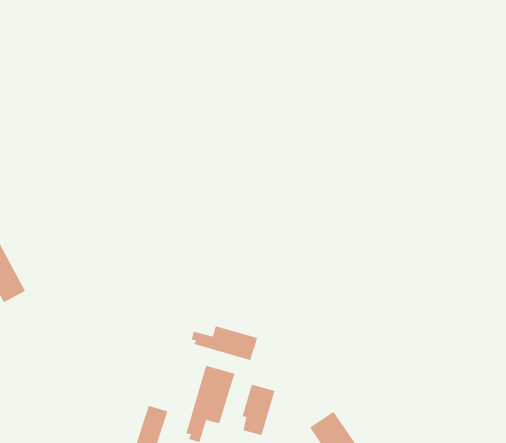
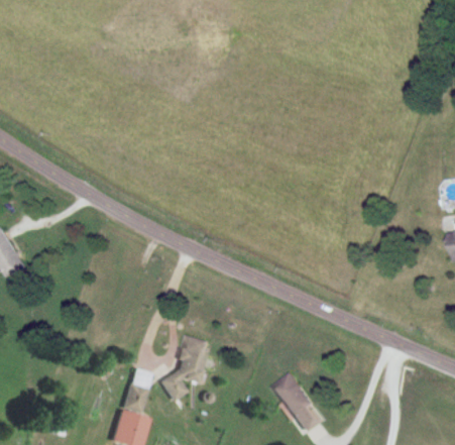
building: [191,325,258,361] -> none
building: [242,384,275,436] -> none

